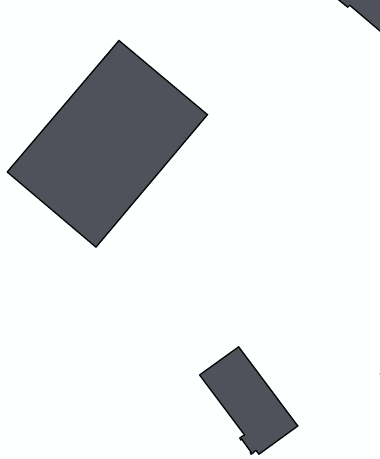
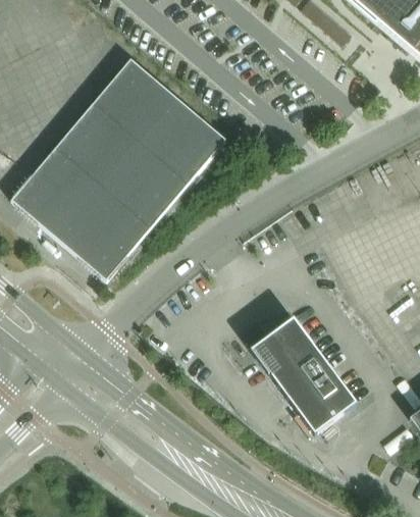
building: [200,347,298,454] -> [252,317,357,432]

